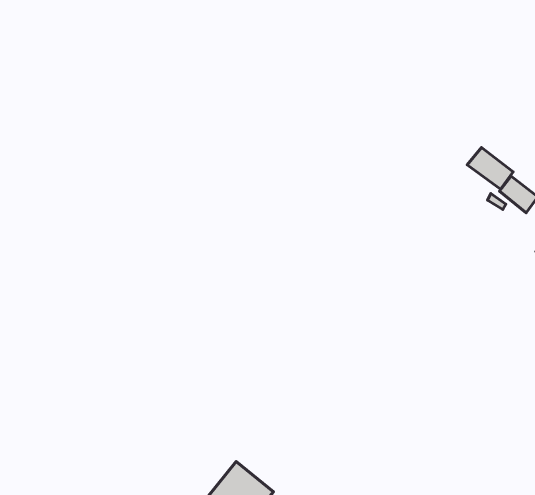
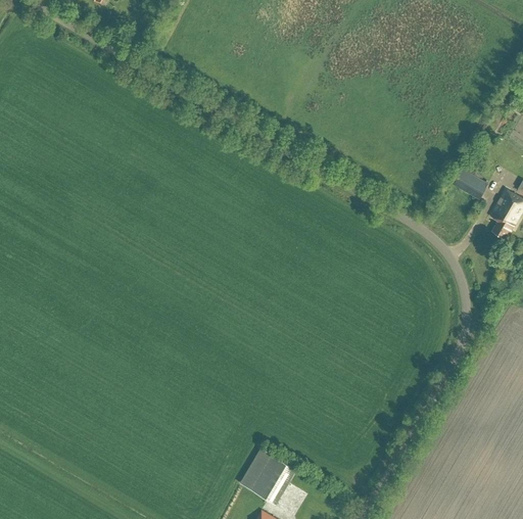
building: [467,147,513,189] -> none

